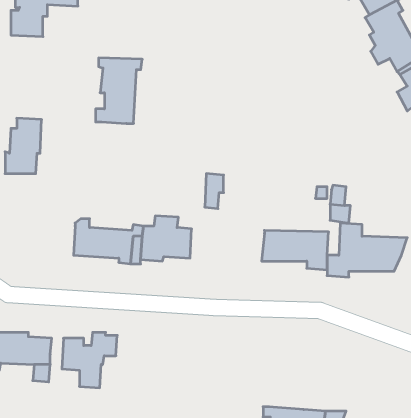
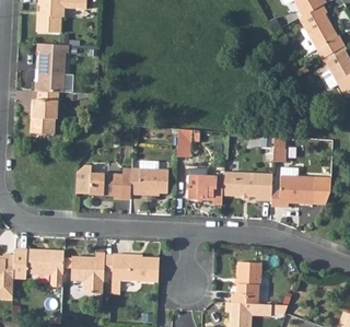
building: [96,58,142,123] -> [33,43,68,92]
building: none -> [187,175,223,206]
building: none -> [112,254,159,293]
building: none -> [226,267,258,310]

